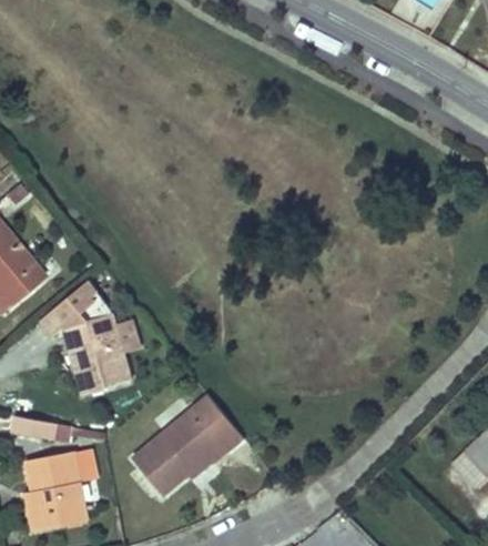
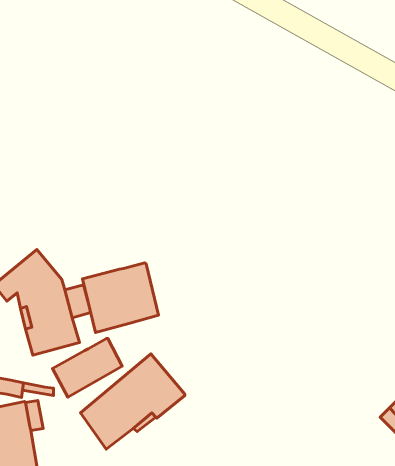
building: none -> [82,263,158,333]
building: none -> [52,338,122,397]

